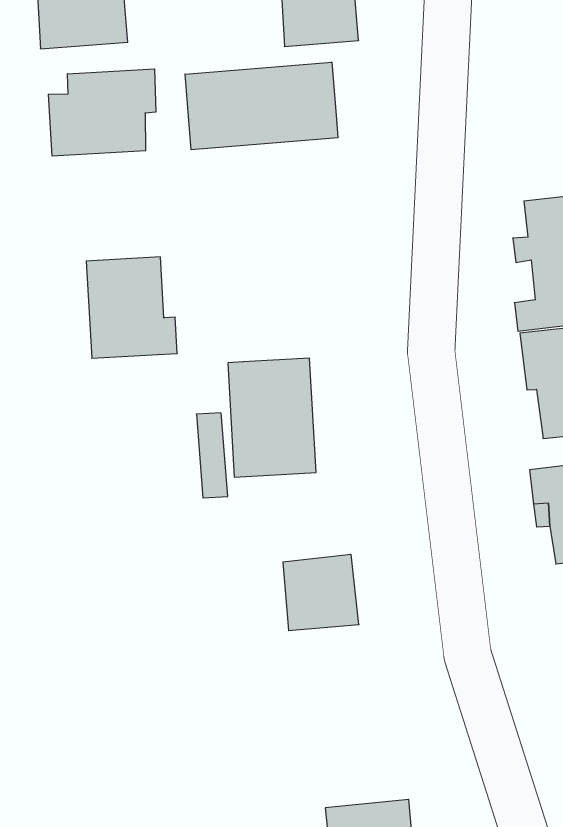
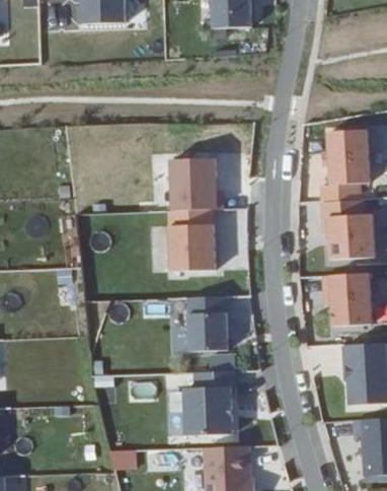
building: [185,62,338,150] -> none
building: [48,69,156,156] -> none
building: [86,257,177,358] -> [177,152,223,204]
building: none -> [189,365,240,429]

